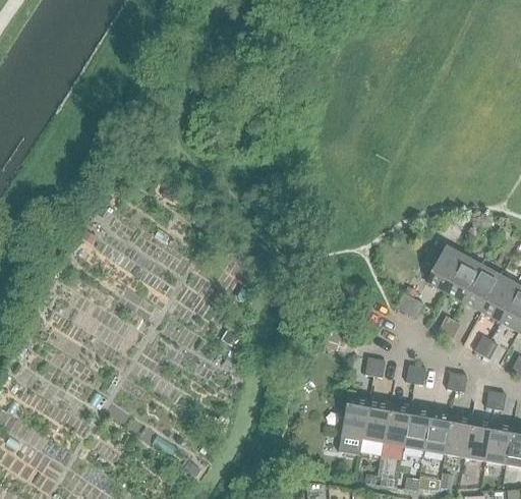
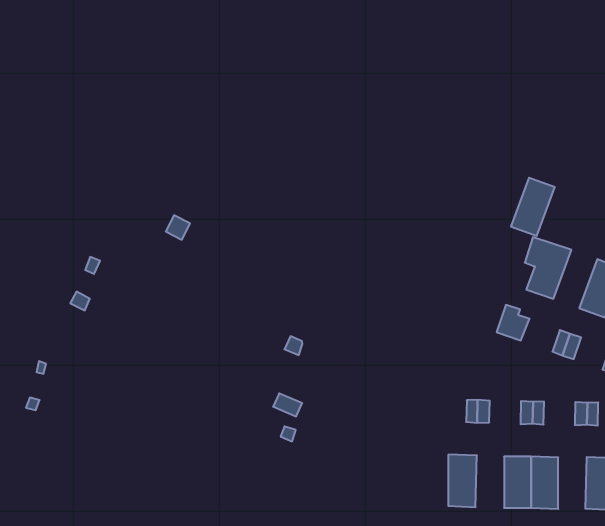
building: [446,258,483,302] -> [511,178,555,236]
building: [362,401,390,444] -> none
building: [424,412,452,454] -> none

